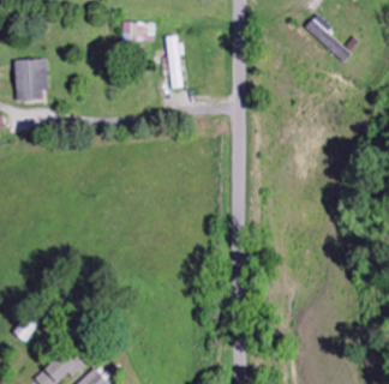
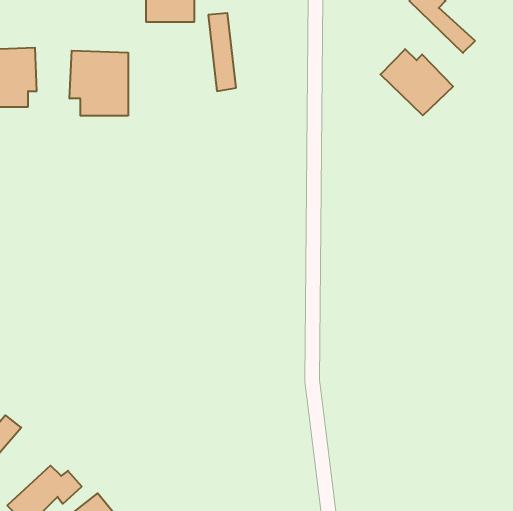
building: none -> [380,49,453,115]
building: none -> [70,51,128,116]

